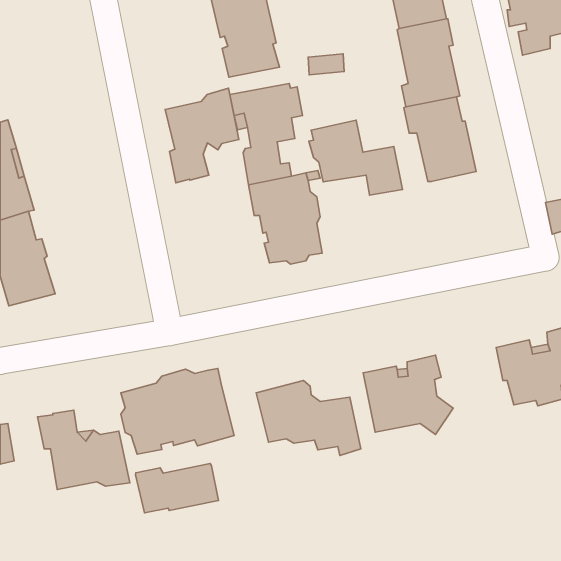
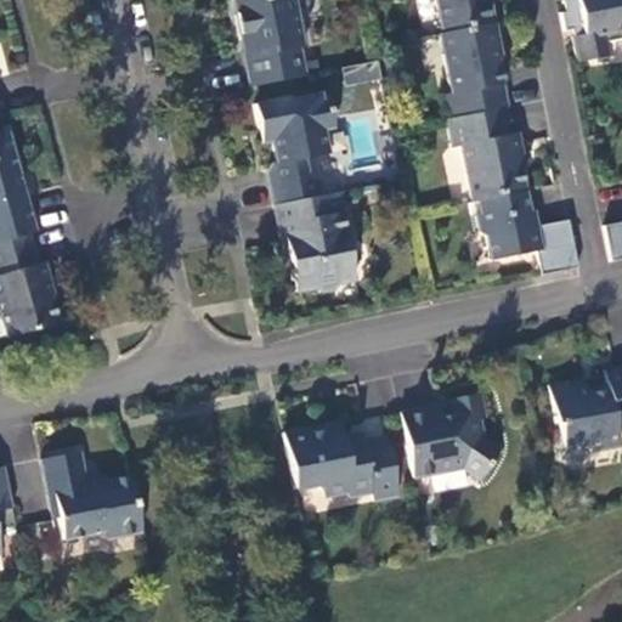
building: [165,88,239,183] -> none
building: [309,120,402,195] -> [475,190,578,272]
building: [121,368,234,454] -> none
building: [135,464,218,513] -> none

